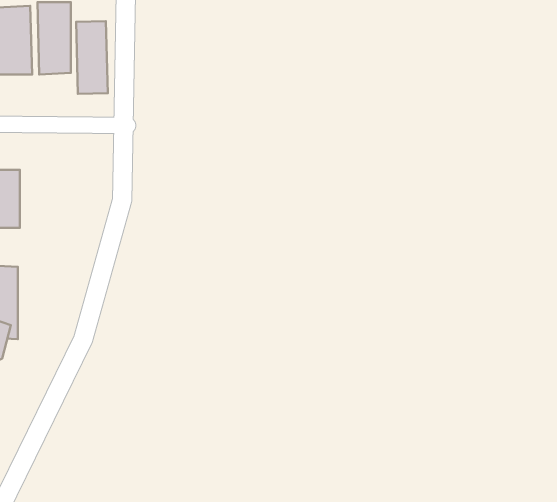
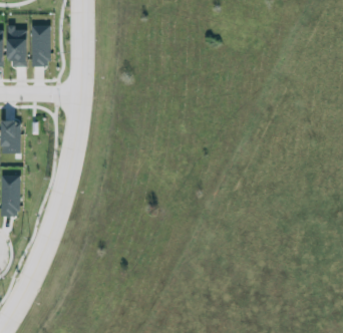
building: [76,21,108,94] -> none

